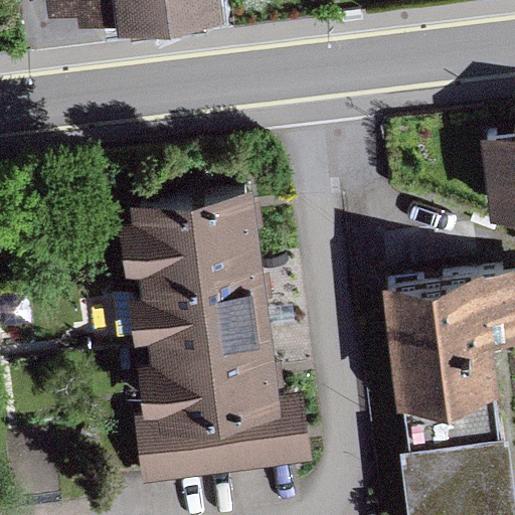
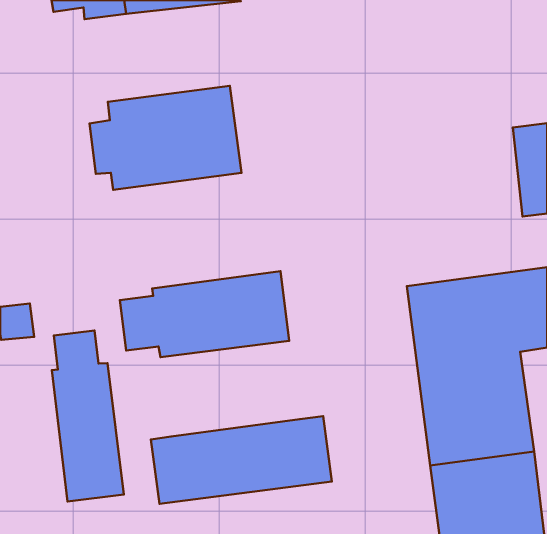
building: [121,186,264,284] -> [90,86,242,190]
building: none -> [52,330,124,502]
building: [139,333,282,422] -> none

